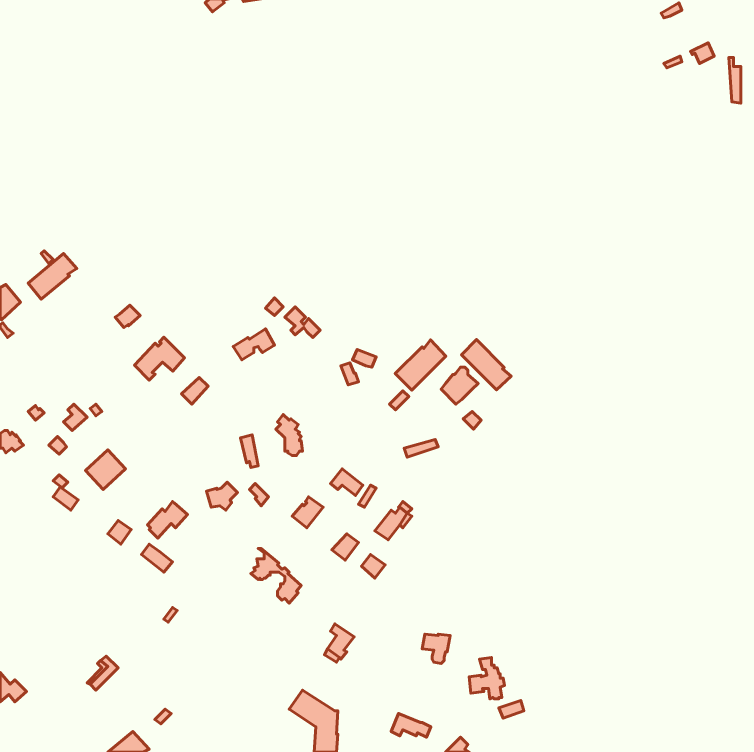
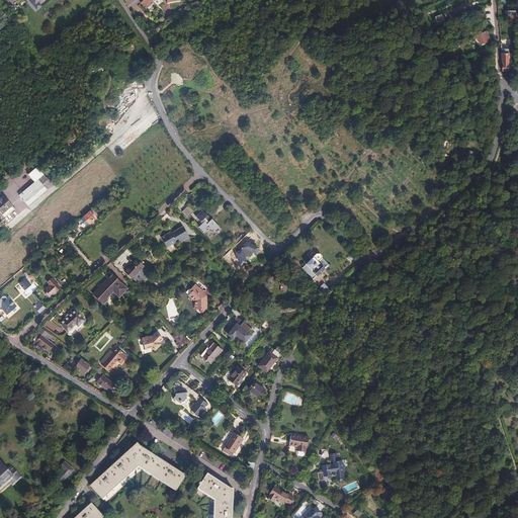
building: [134,337,185,380] -> [92,274,126,304]
building: [461,340,511,390] -> none
building: [395,340,446,390] -> none
building: none -> [90,443,185,496]

